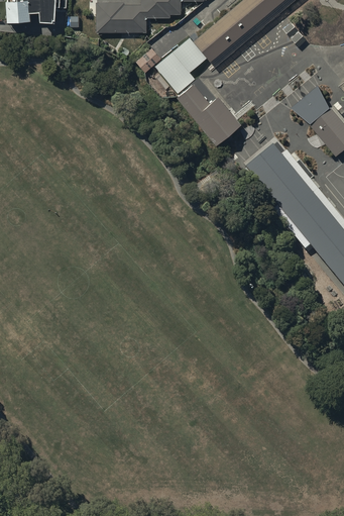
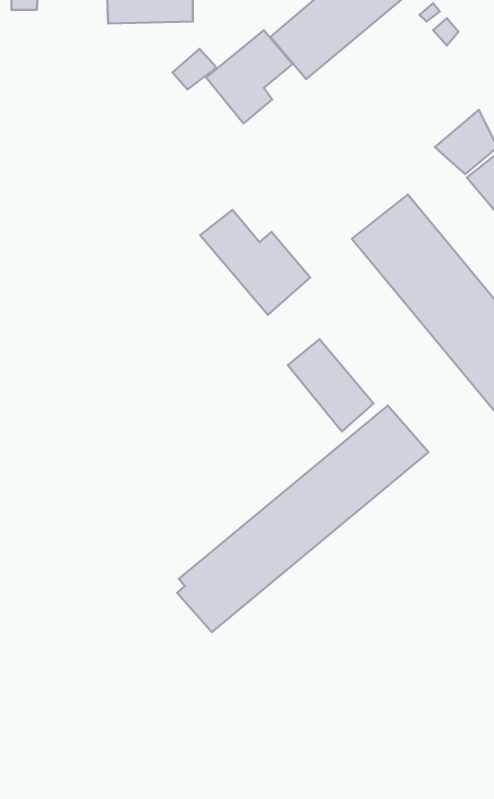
building: [175,84,240,146] -> [200,210,310,315]
building: none -> [288,339,374,431]
building: none -> [177,406,429,632]

